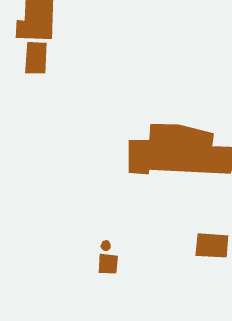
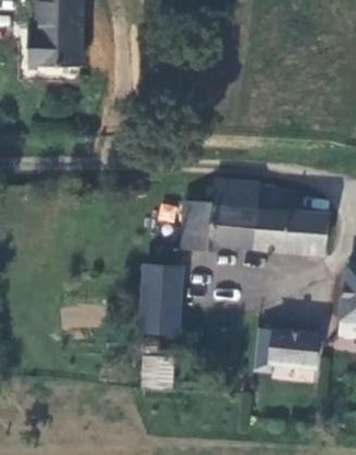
building: [25,41,47,74] -> none
building: none -> [141,266,180,335]

